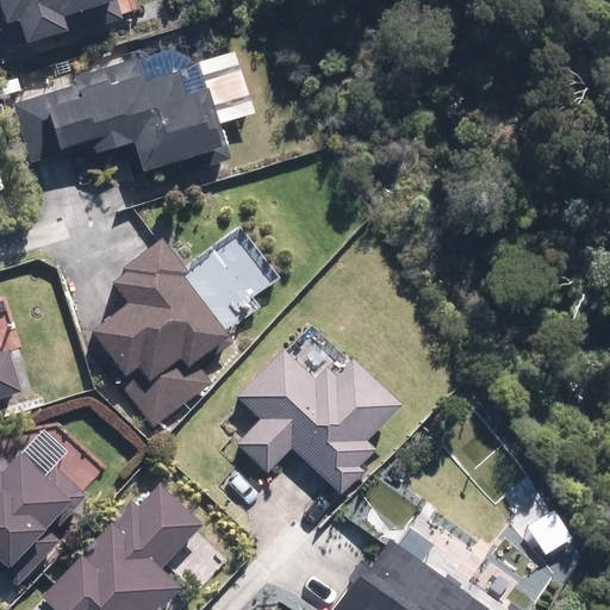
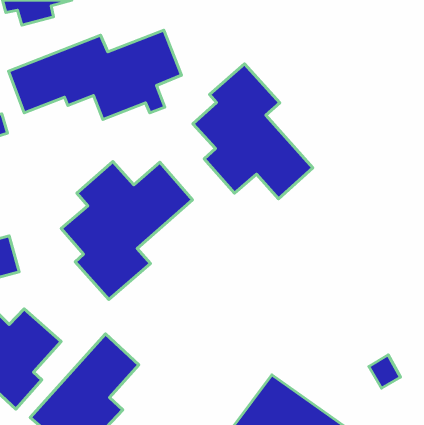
building: none -> [193,64,313,199]
building: [235,337,409,492] -> none

